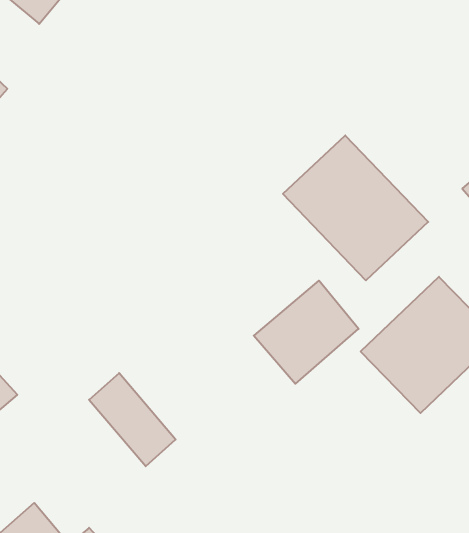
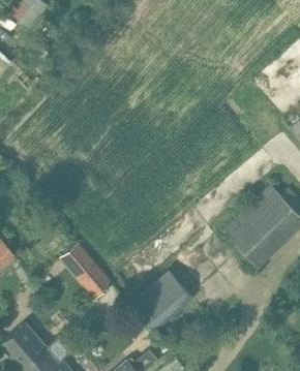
building: [283,135,428,280] -> none
building: [254,281,359,384] -> [127,269,192,333]

